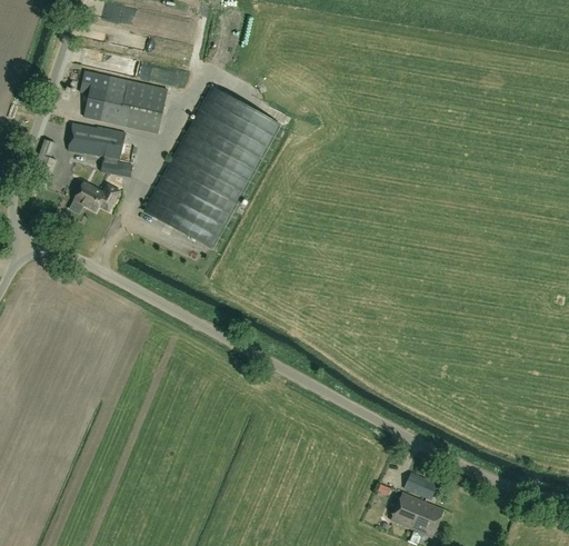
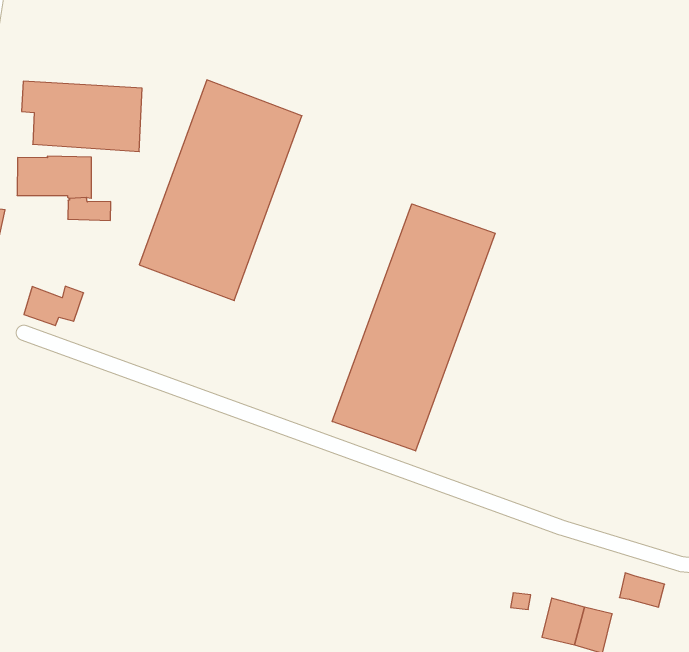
building: [74,180,119,210] -> [24,286,84,326]
building: none -> [332,204,495,451]
building: [405,470,438,498] -> [619,573,665,607]

